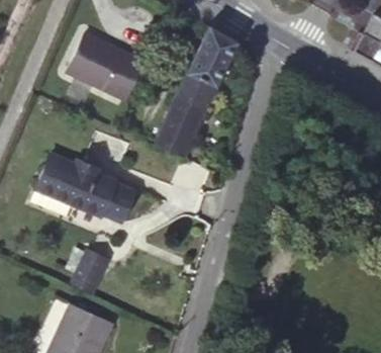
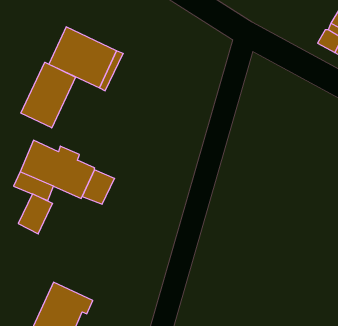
building: [155,25,236,158] -> none
building: none -> [21,62,76,128]
building: [72,251,108,293] -> [18,194,53,234]

